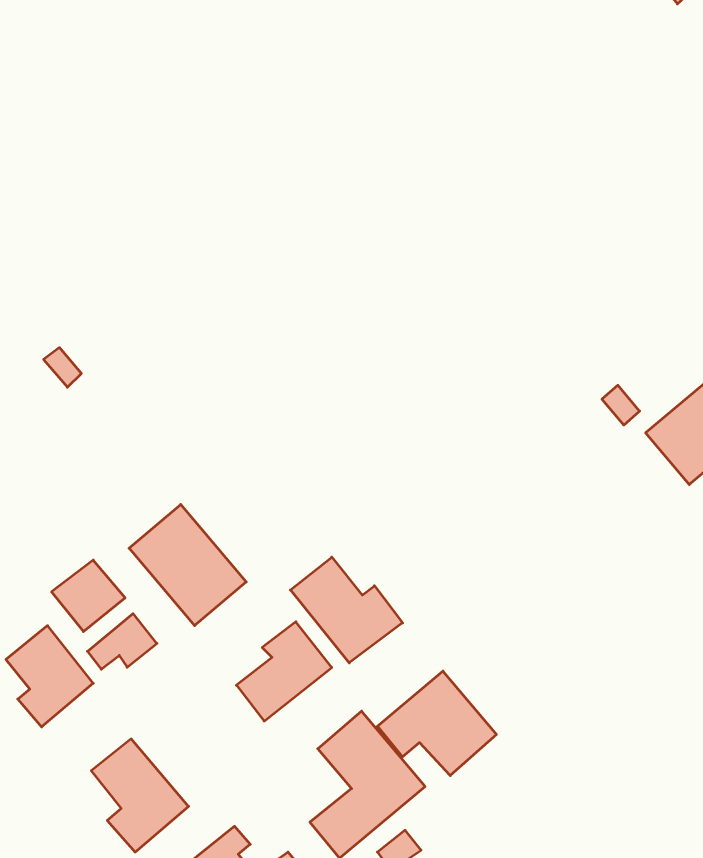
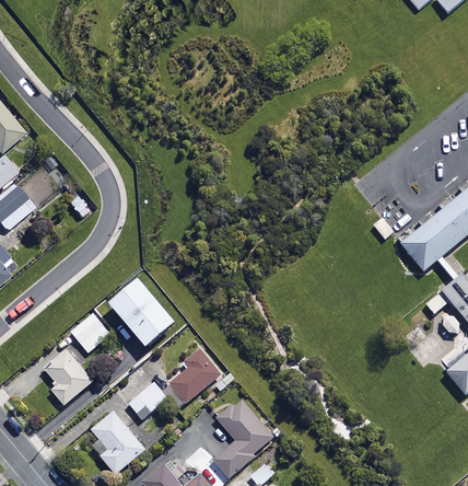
building: [290,557,403,663] -> none
building: [87,614,157,669] -> [130,382,168,413]
building: [377,671,496,776] -> none

